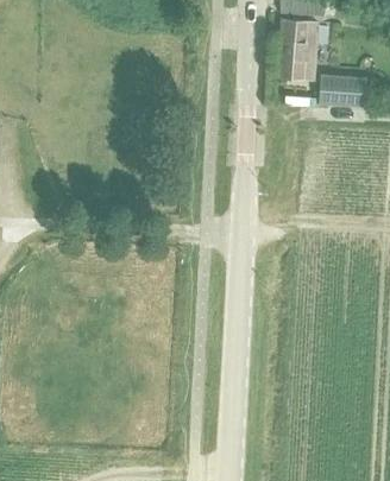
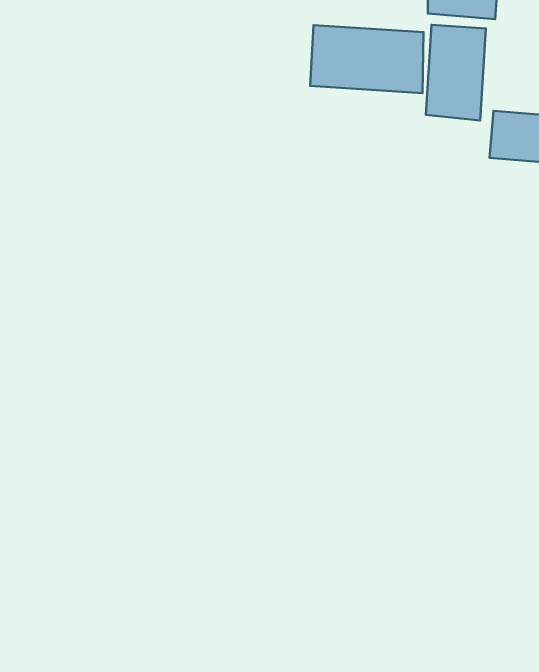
building: none -> [310,25,424,93]

